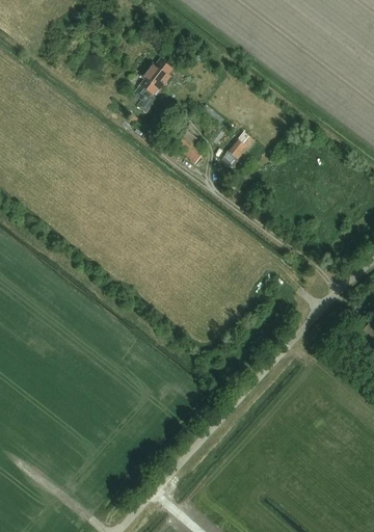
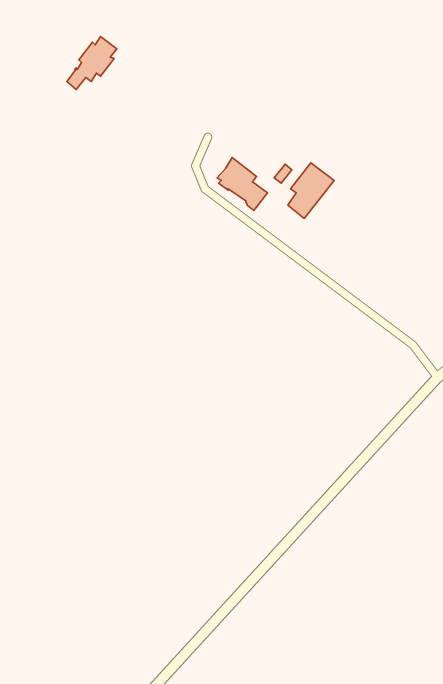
building: [134,58,172,99] -> [67,37,117,90]

